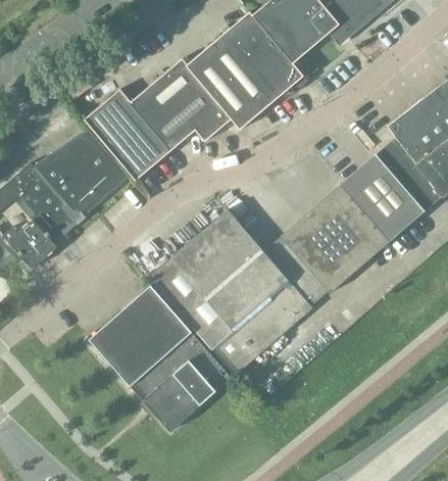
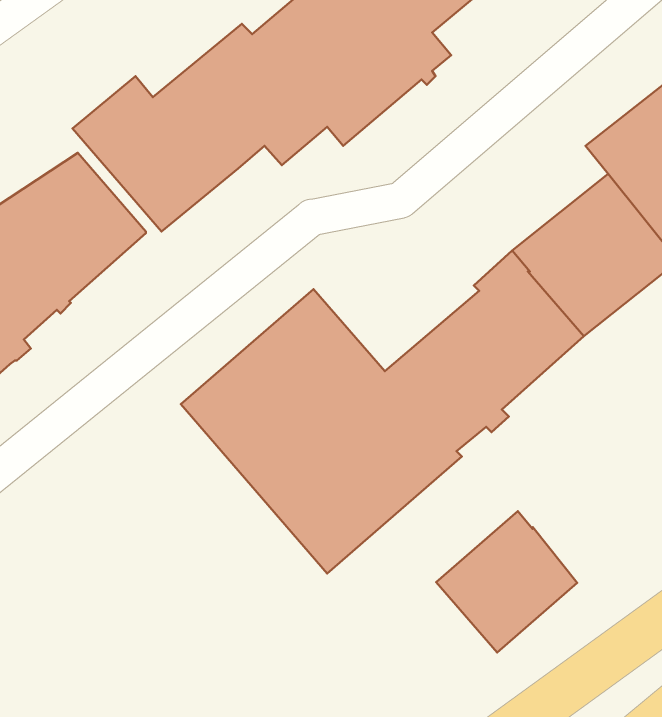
building: [91,286,233,432] -> none
building: none -> [436,511,577,653]

